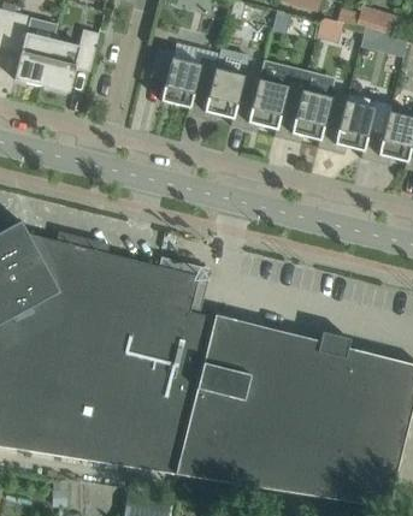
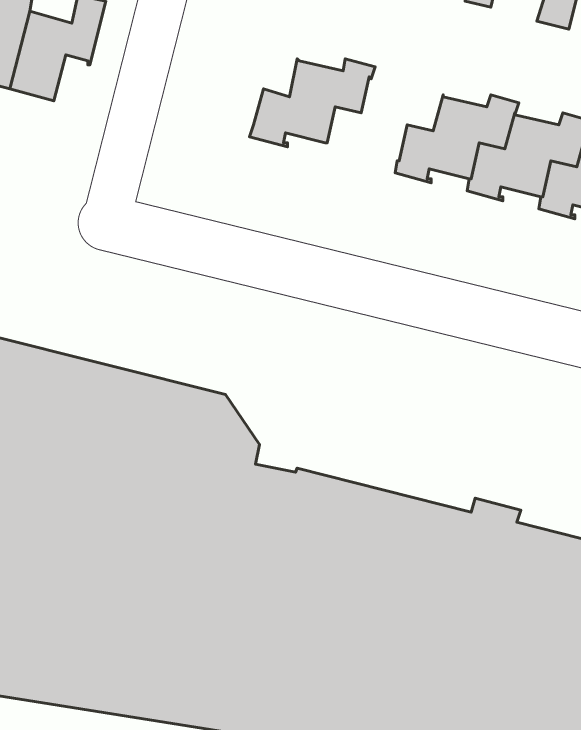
building: [151,45,218,106] -> none
building: [230,77,306,130] -> none

